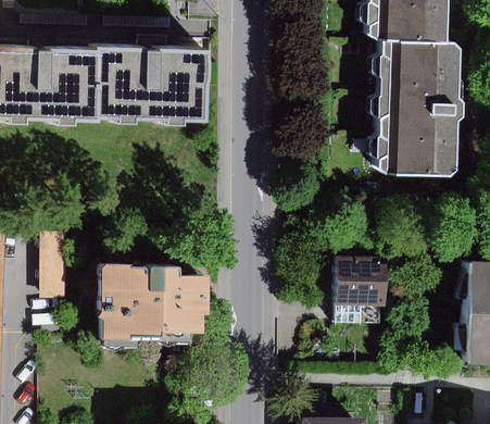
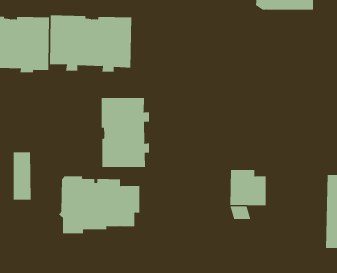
building: [368,41,462,175] -> none
building: none -> [101,97,150,168]

